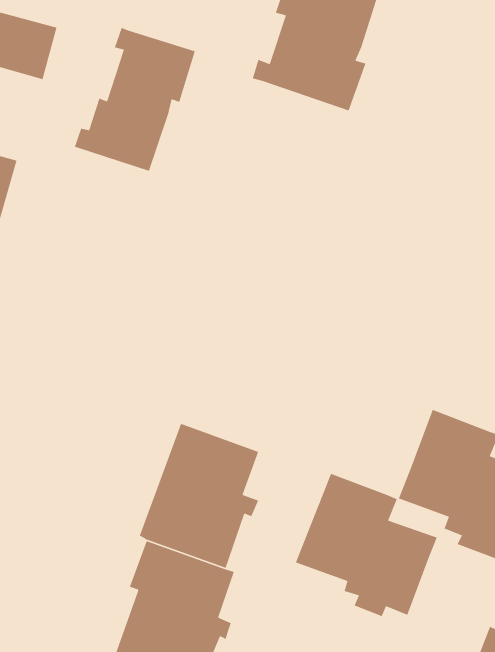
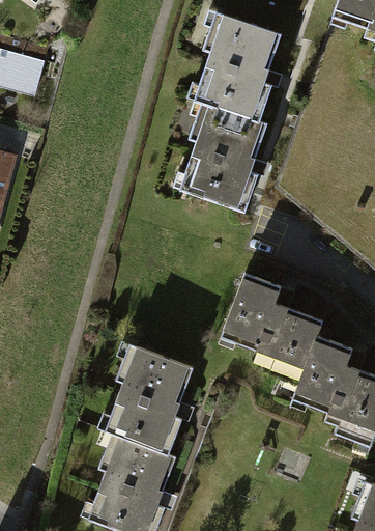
building: [74,27,196,172] -> none
building: none -> [173,99,266,213]
building: [295,473,438,617] -> [221,274,324,379]

